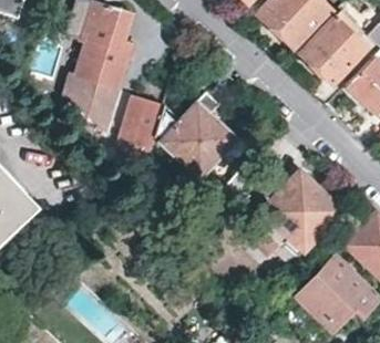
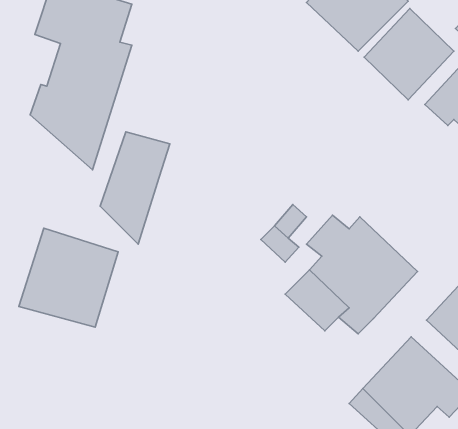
building: [152,92,239,183] -> none
building: none -> [19,228,118,327]

